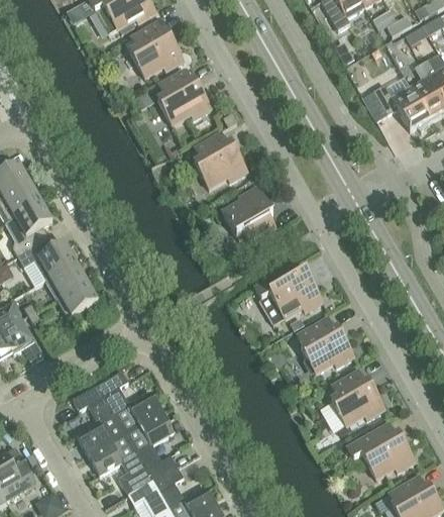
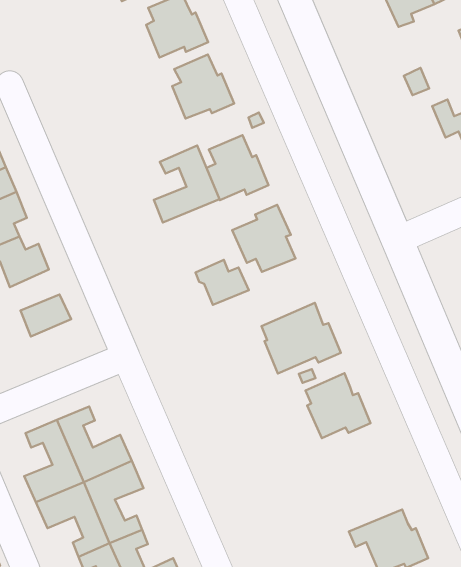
building: none -> [154,146,219,222]
building: none -> [195,260,249,305]
building: [45,262,87,298] -> none
building: [332,371,384,425] -> none

